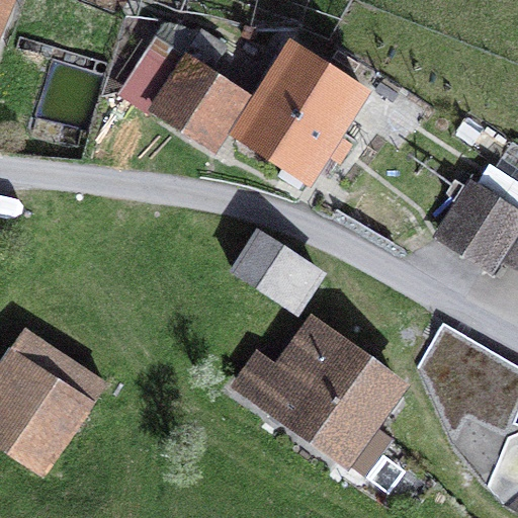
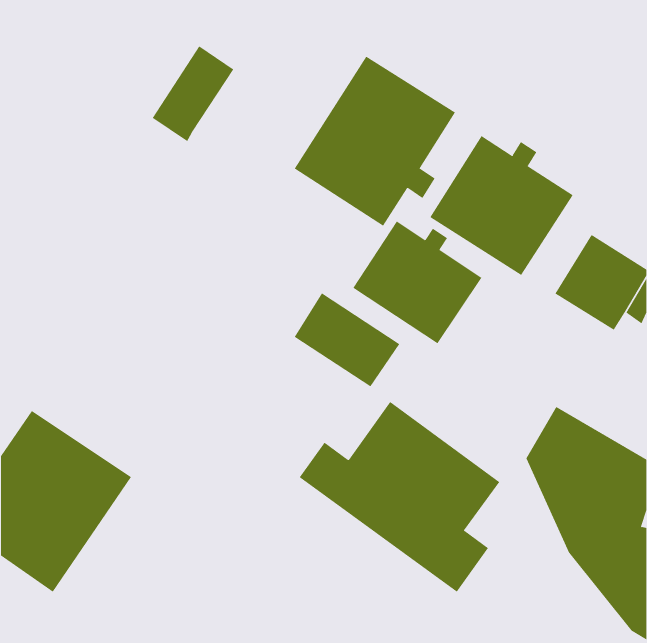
building: [154,32,247,146] -> none
building: none -> [430,135,573,276]
building: none -> [353,220,482,344]

